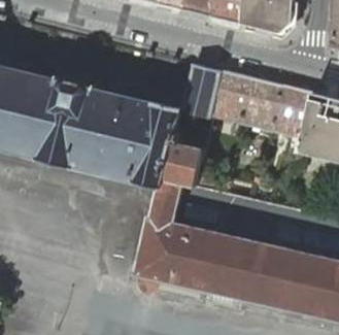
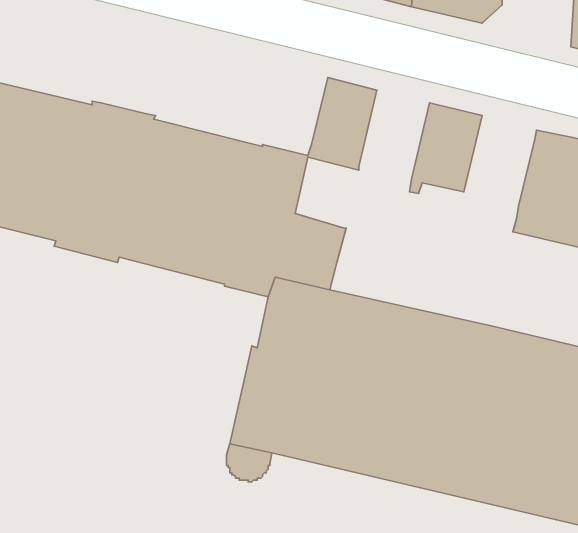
building: [206,71,249,129] -> none
building: [269,86,310,144] -> none

